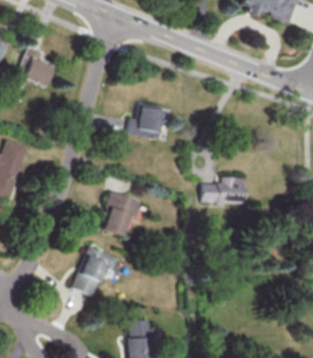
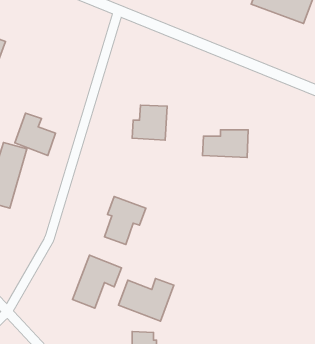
building: [18,47,57,88] -> [15,113,55,156]
building: [202,176,245,203] -> [202,130,248,158]
building: none -> [118,278,174,321]

